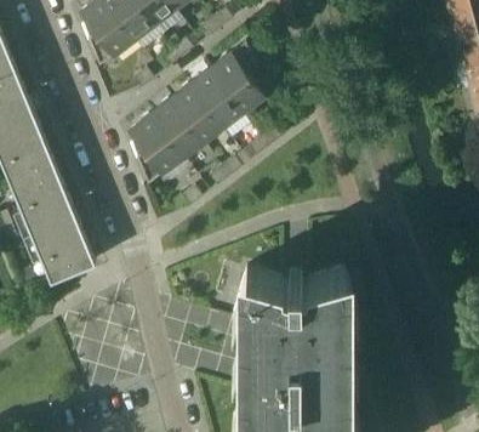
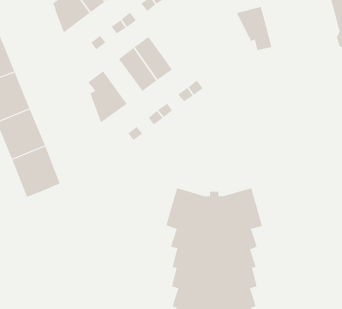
building: none -> [236,6,272,51]
building: [209,44,262,114] -> none
building: [149,101,200,159] -> none

